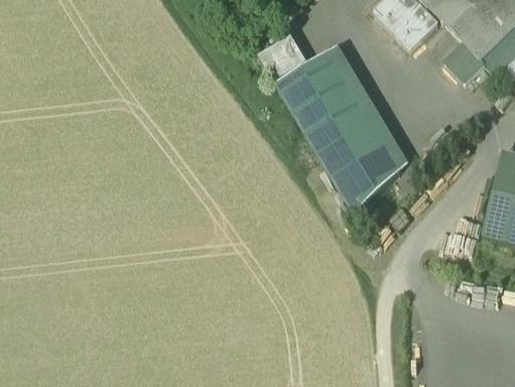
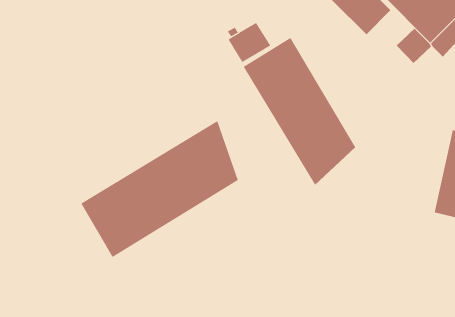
building: none -> [80,120,238,258]

